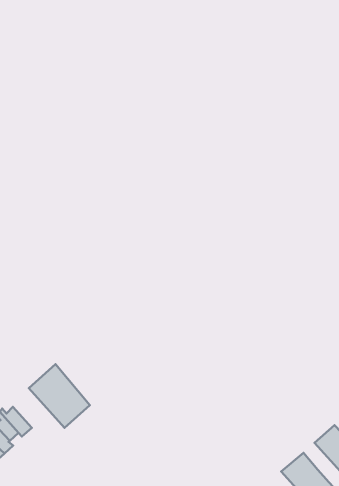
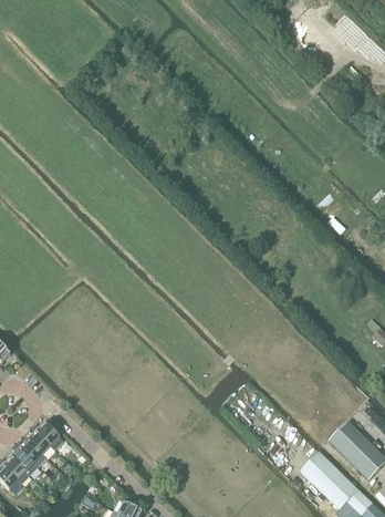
building: [29,364,90,428] -> none

